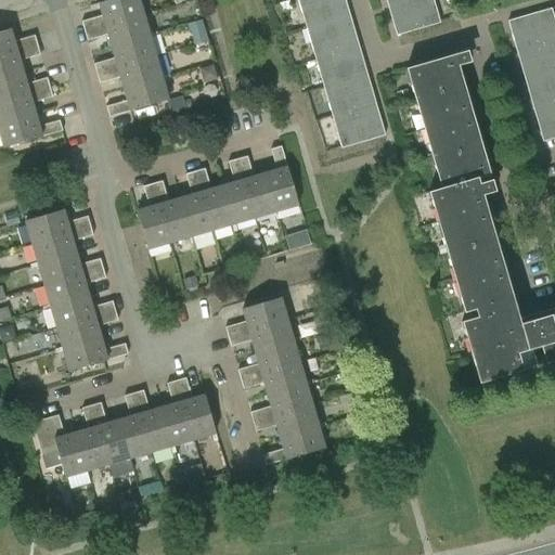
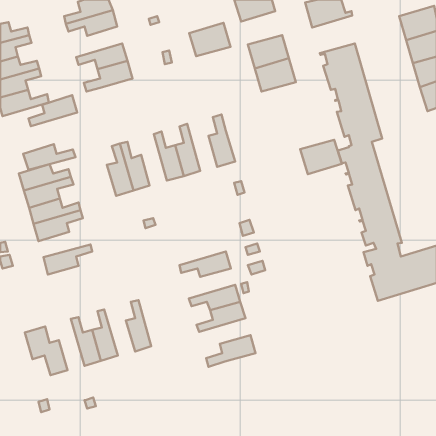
building: [307,14,359,56] -> [189,23,230,56]
building: [94,34,156,73] -> [28,95,77,126]
building: [333,104,386,147] -> [300,140,342,174]
building: [238,155,276,217] -> none
building: [180,170,212,235] -> none
building: [50,294,116,326] -> [23,144,75,170]
building: [225,297,287,336] -> none
building: [62,337,128,371] -> none
building: [238,340,299,378] -> none
building: [177,377,216,439] -> none
building: [133,389,172,451] -> none
building: [254,403,319,436] -> none
building: [76,404,108,469] -> none

